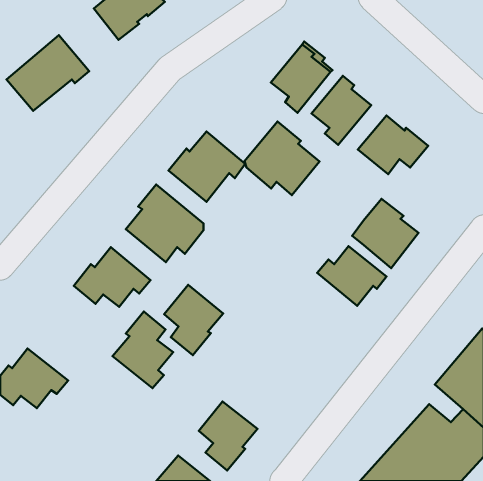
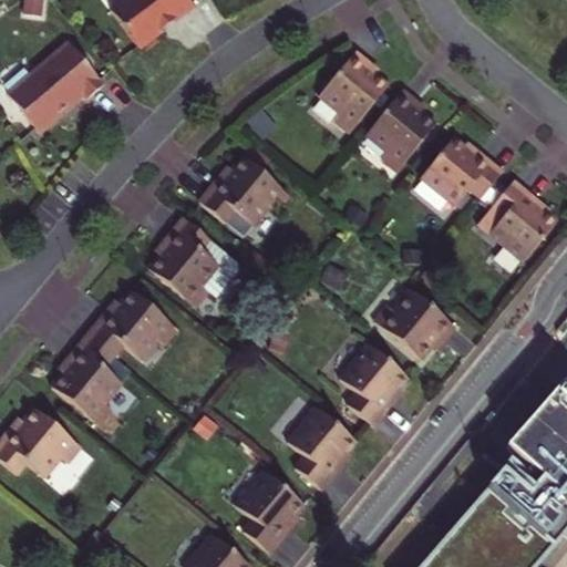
building: [244,121,319,195] -> none
building: [352,199,419,268] -> [478,179,556,260]
building: [164,285,223,355] -> [286,405,354,487]
building: none -> [338,342,406,424]
building: [113,312,173,388] -> [51,334,122,424]

